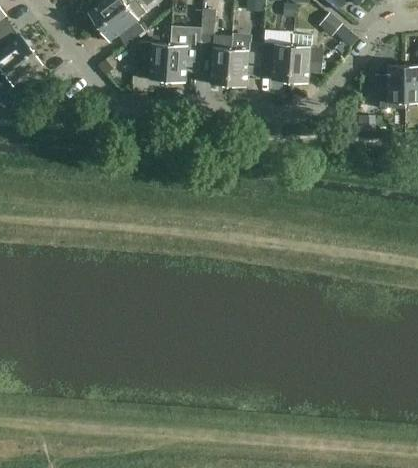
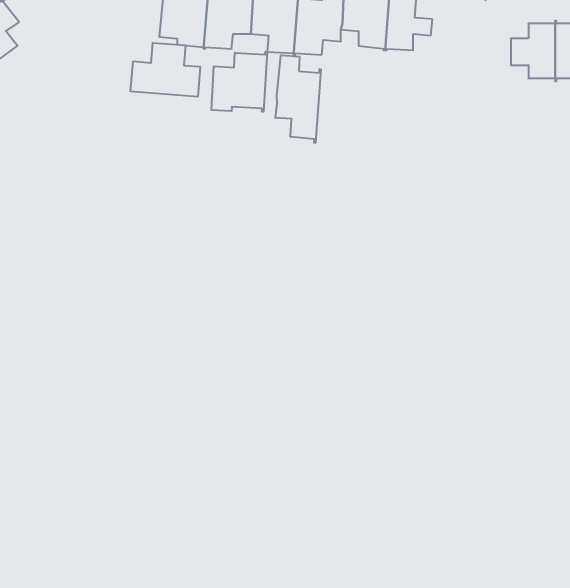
building: none -> [131,43,200,97]
building: none -> [211,52,267,112]
building: none -> [275,55,321,143]

